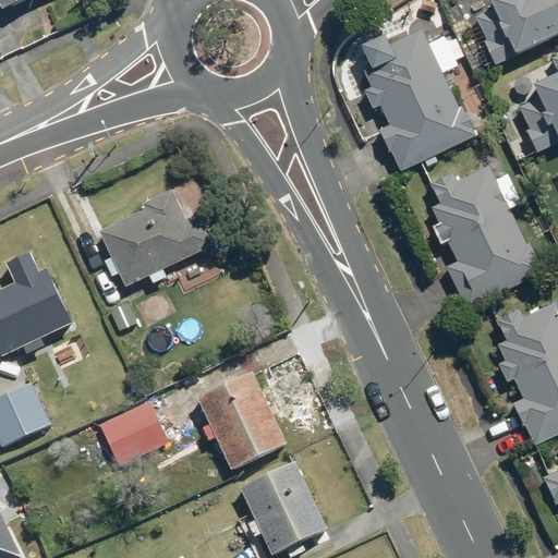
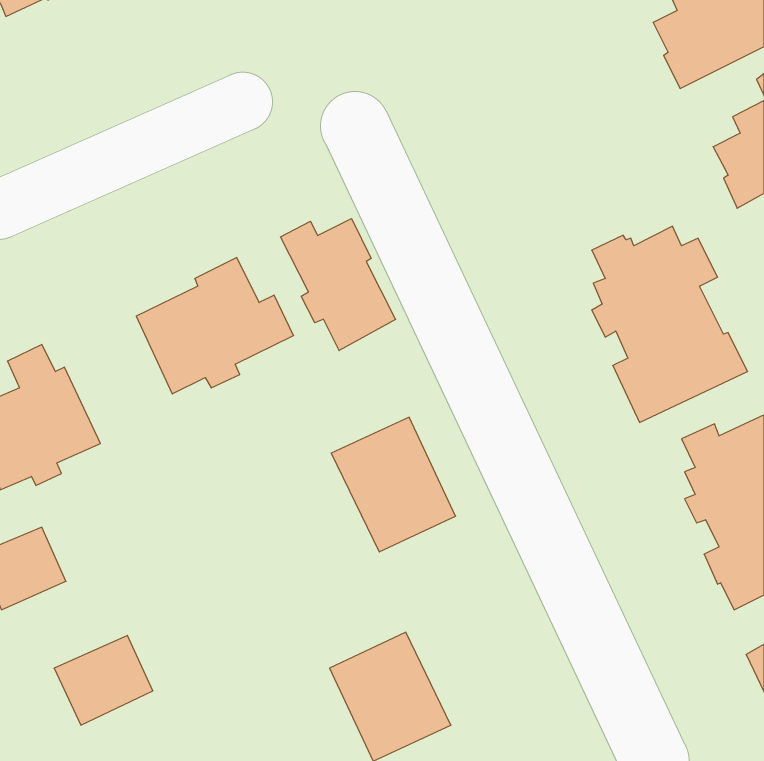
building: [361,28,478,170] -> none
building: none -> [281,219,396,351]
building: [196,371,287,469] -> [331,417,456,552]
building: [97,400,169,465] -> [54,635,153,725]

